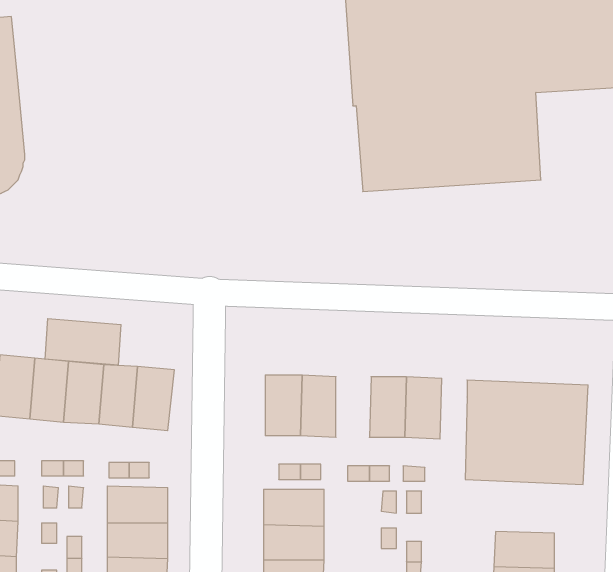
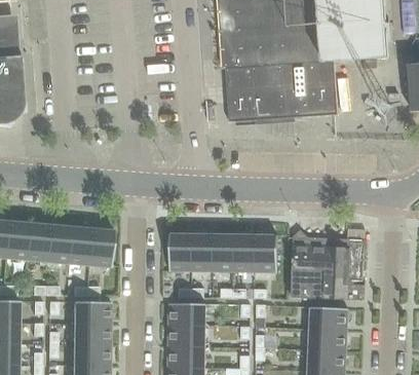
building: [45,319,121,365] -> none
building: none -> [212,233,233,270]
building: none -> [309,306,346,329]

